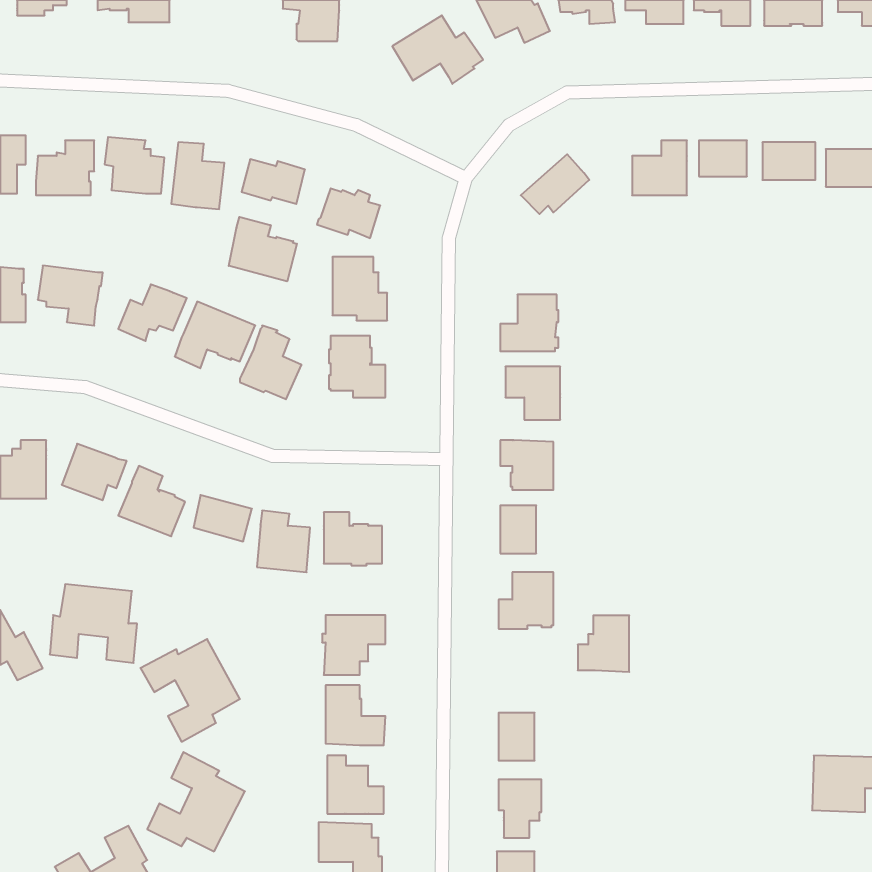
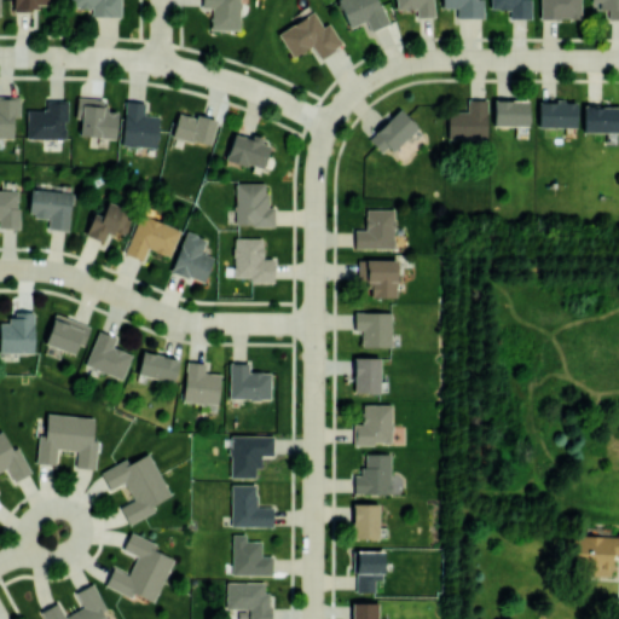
building: [229,217,297,281] -> none
building: [578,615,629,672] -> [355,456,392,496]

